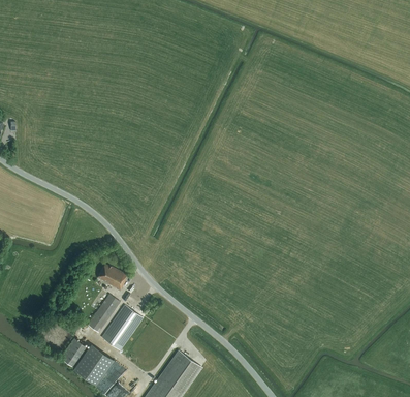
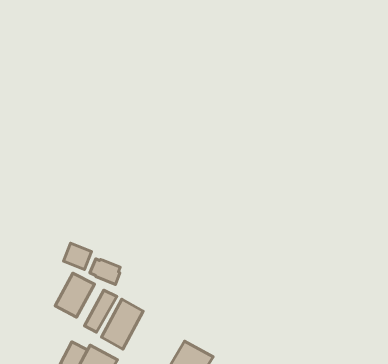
building: none -> [64,243,92,269]
building: none -> [55,273,94,317]

